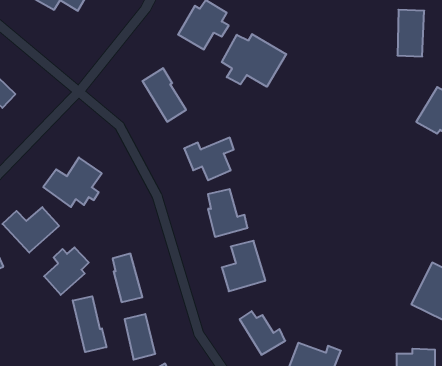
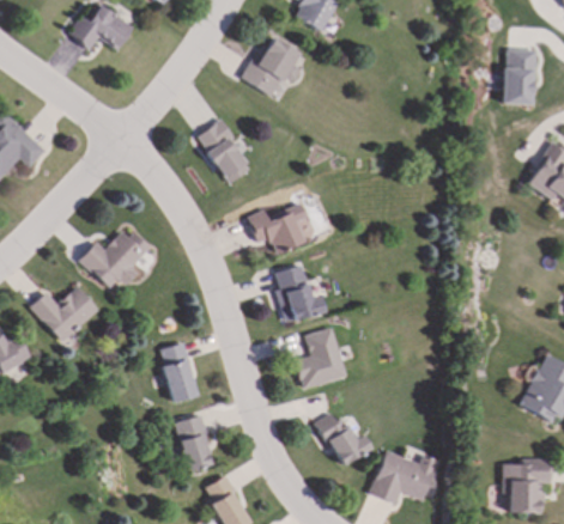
building: [222,34,286,87] -> none
building: [44,247,89,295] -> none
building: [73,296,106,352] -> none

